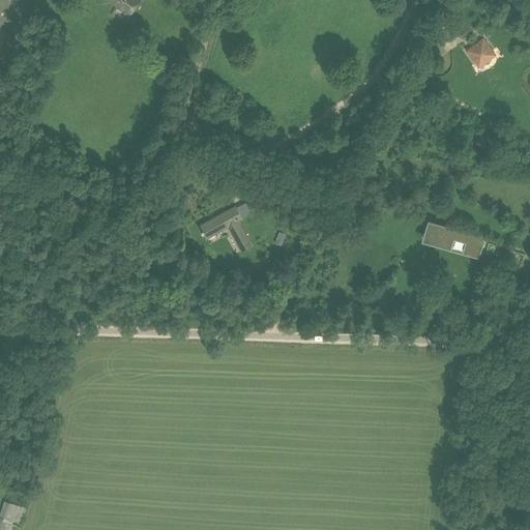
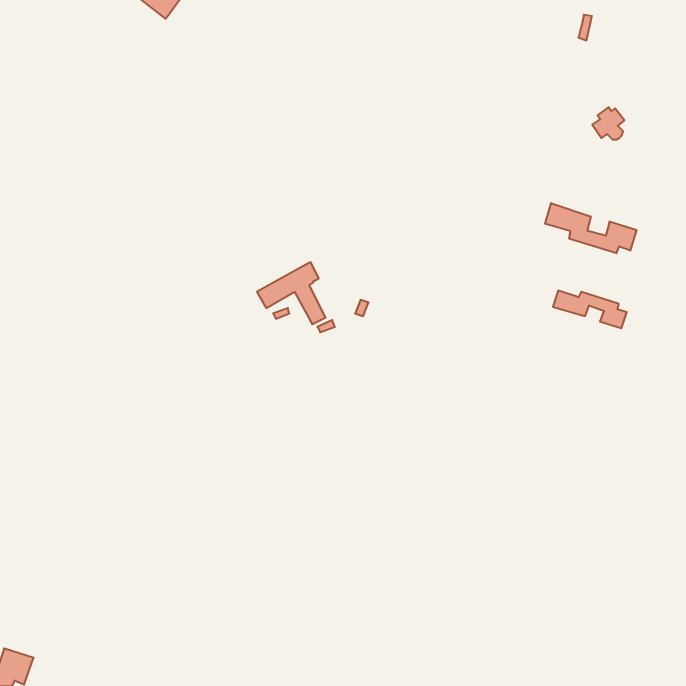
building: [467,38,492,63] -> [592,107,624,139]
building: none -> [545,203,636,253]

